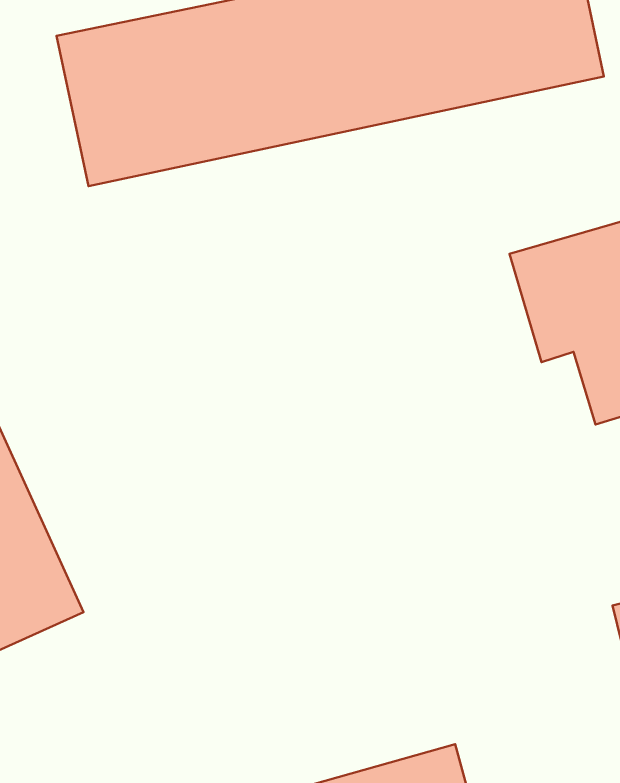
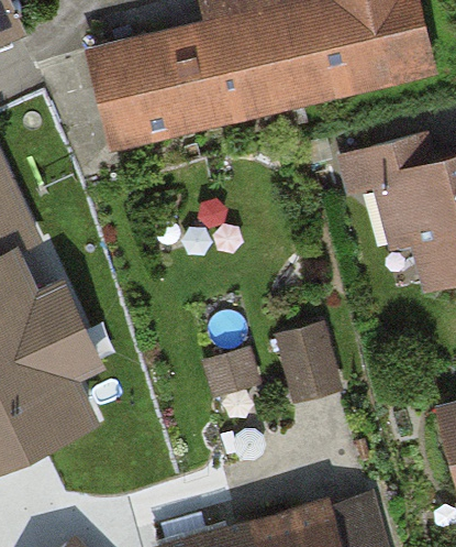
building: none -> [274,327,347,411]

